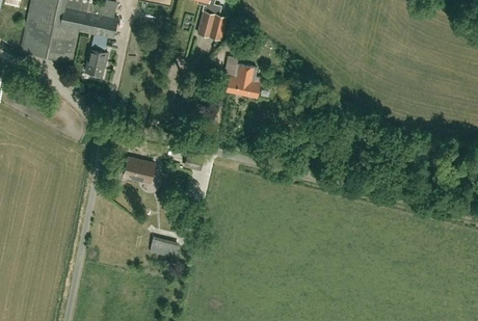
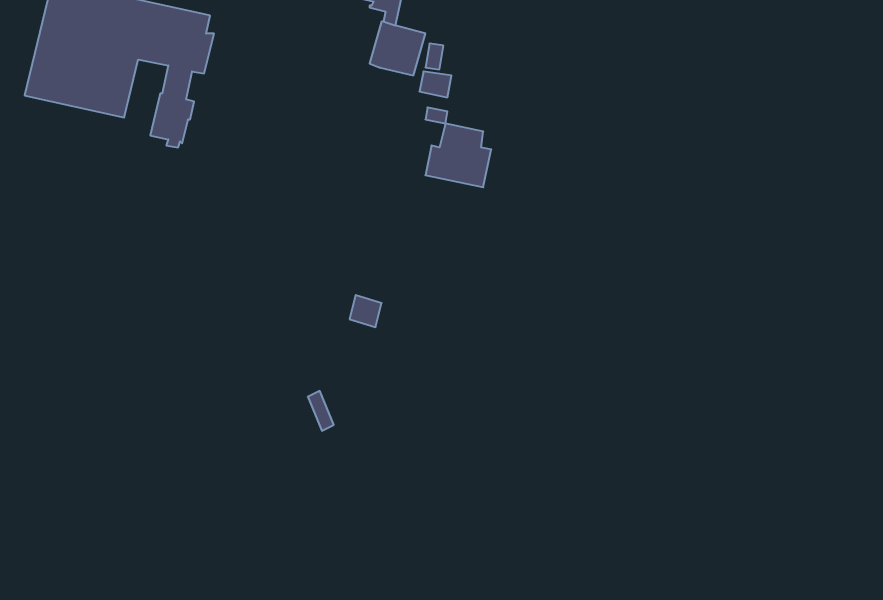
building: [124,158,155,183] -> none
building: [150,237,179,258] -> none

